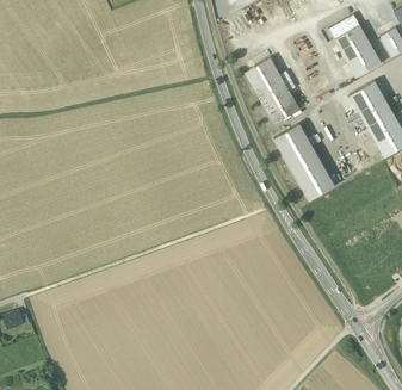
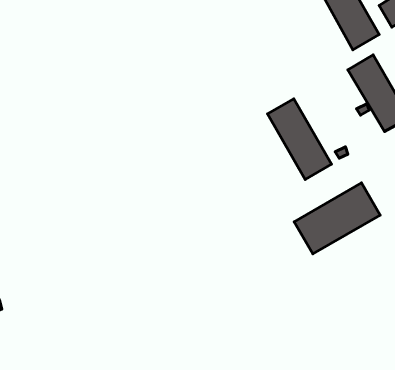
building: [247,57,301,122] -> none
building: none -> [294,183,380,254]

